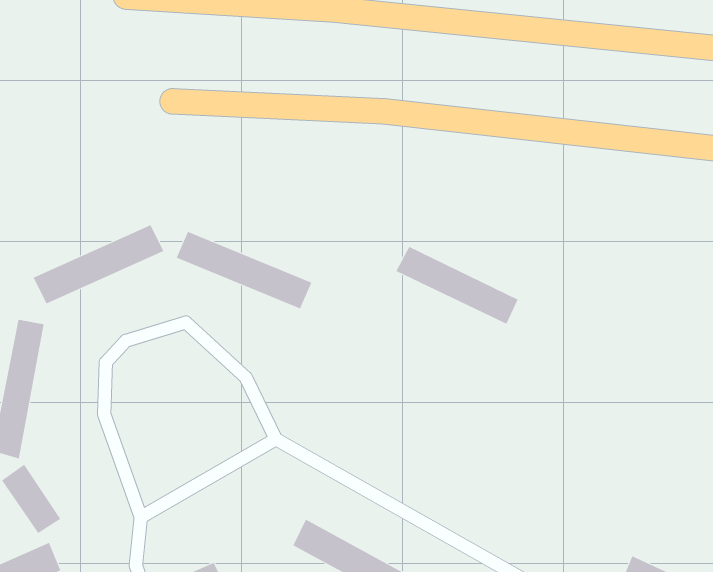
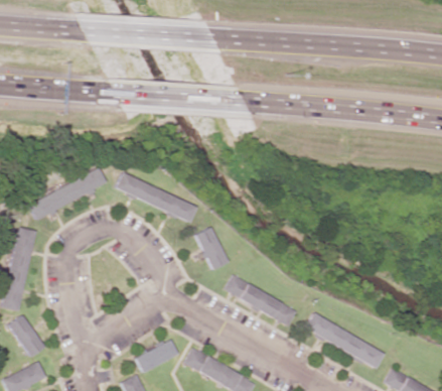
building: [395,246,519,325] -> [224,277,298,324]
building: none -> [194,227,228,270]
building: none -> [305,313,385,368]
building: none -> [136,342,178,371]

